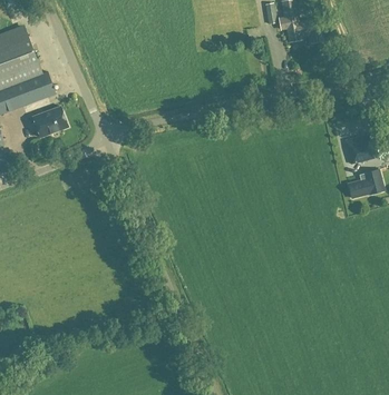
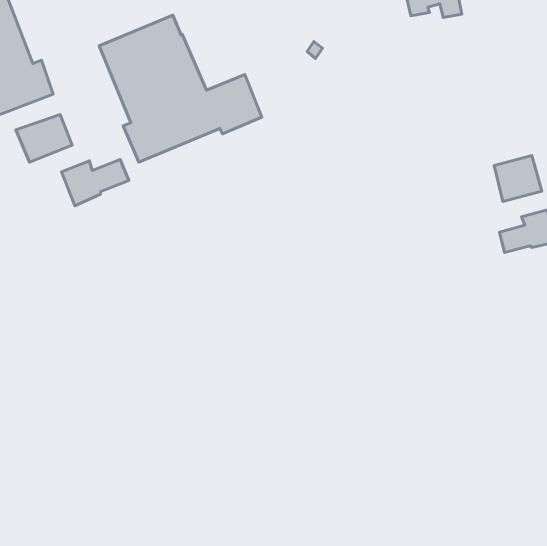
building: none -> [99,15,262,162]
building: none -> [61,159,129,206]

